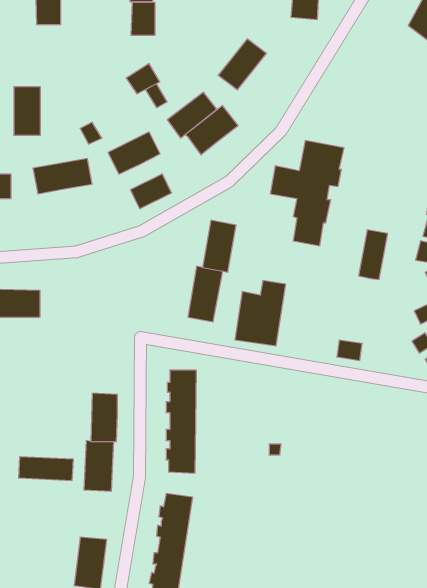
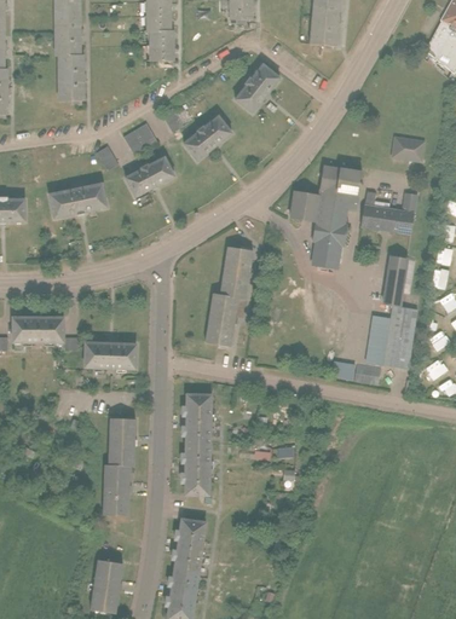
building: [126,64,160,94] -> [125,122,158,152]
building: [14,87,40,135] -> [54,51,81,99]
building: [185,105,238,155] -> none
building: none -> [387,134,421,160]
building: none -> [356,189,414,231]
building: [130,174,172,209] -> none
building: [235,281,286,346] -> [360,302,411,368]
building: none -> [87,342,140,370]
building: [19,456,73,481] -> none

